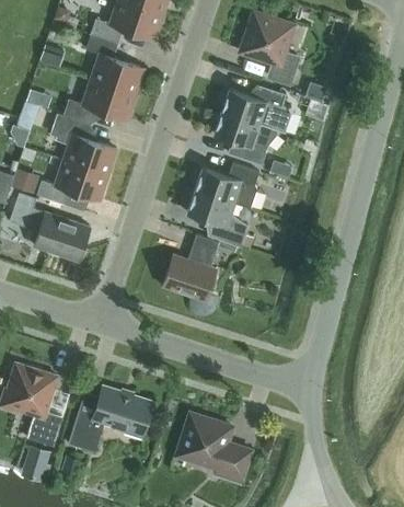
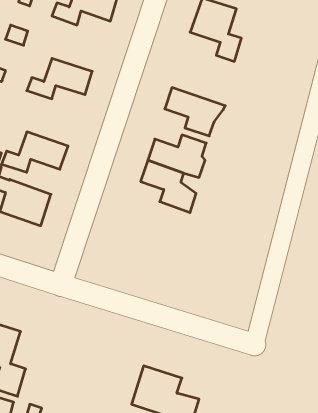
building: [85,35,143,94] -> none
building: [221,85,292,134] -> none
building: [51,114,116,175] -> none
building: [162,234,219,301] -> none
building: [68,385,152,452] -> none

